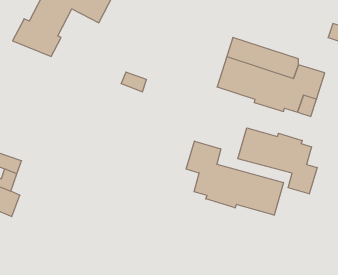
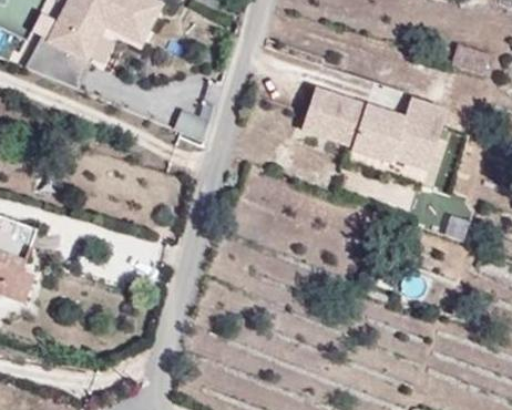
building: [238,128,317,194] -> none
building: [186,141,283,215] -> none

